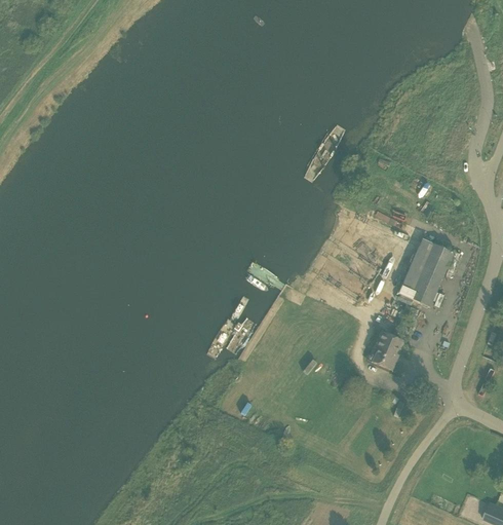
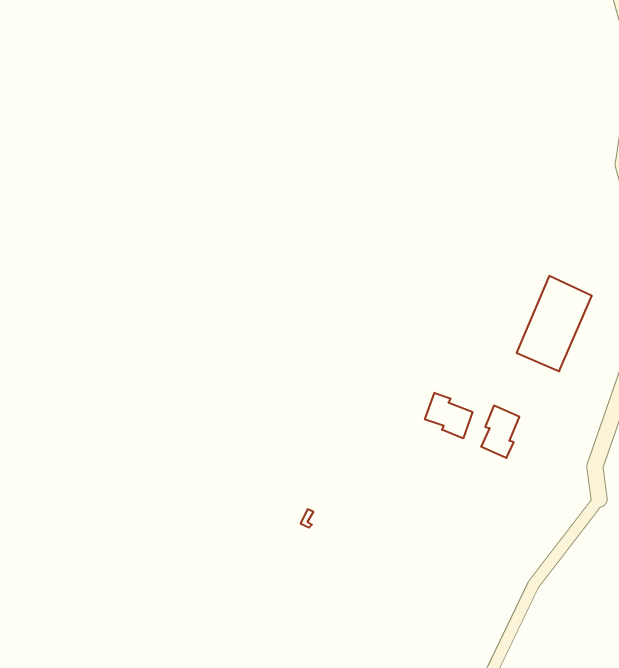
building: none -> [425,393,473,438]

